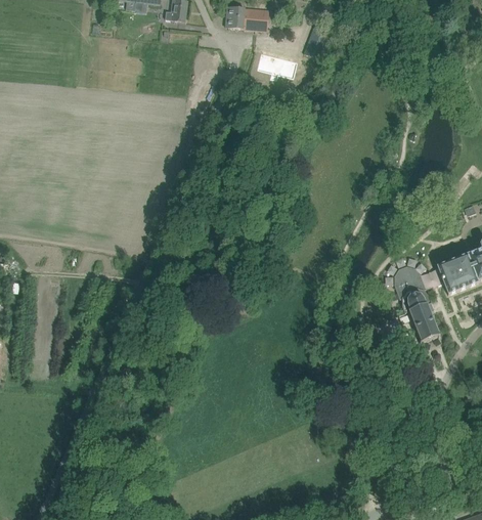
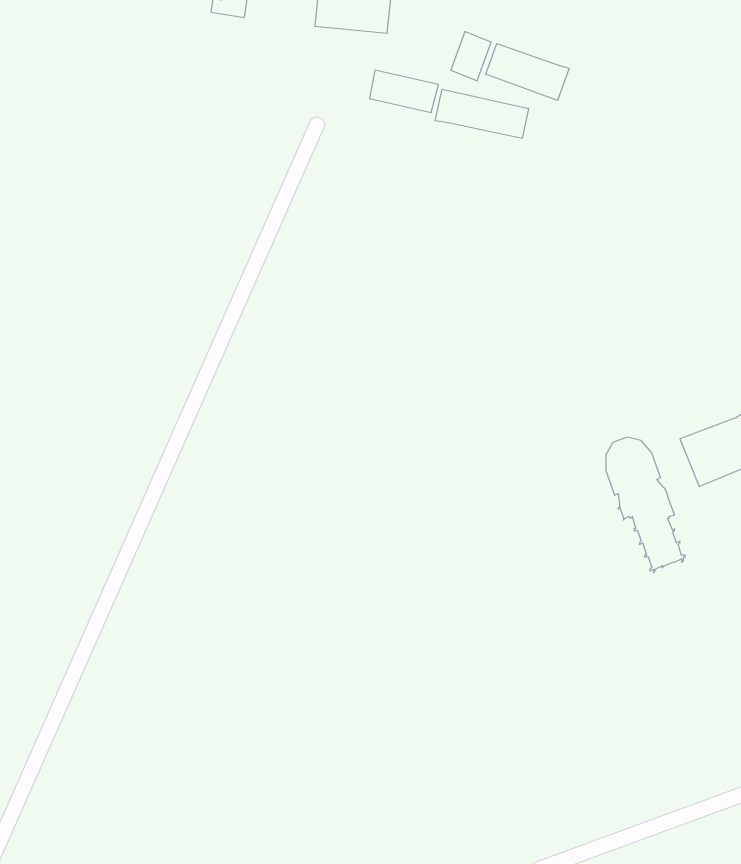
building: none -> [486,44,569,100]
building: none -> [435,89,529,138]

